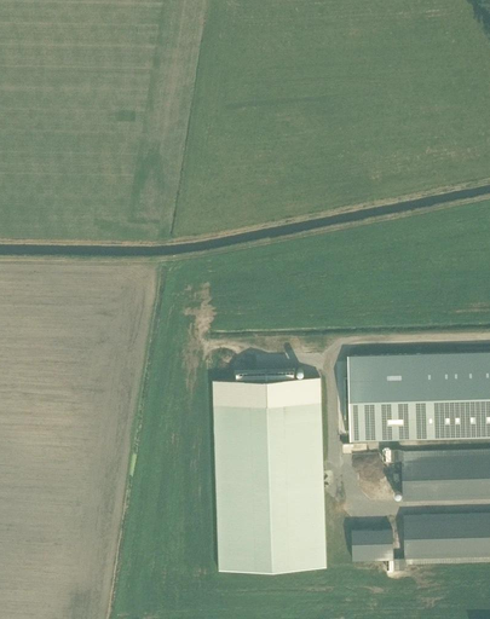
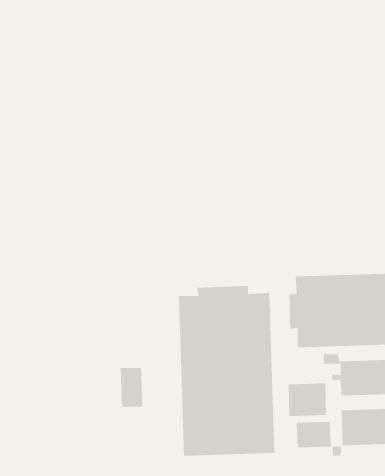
building: none -> [120,367,143,407]
building: none -> [288,383,326,417]

